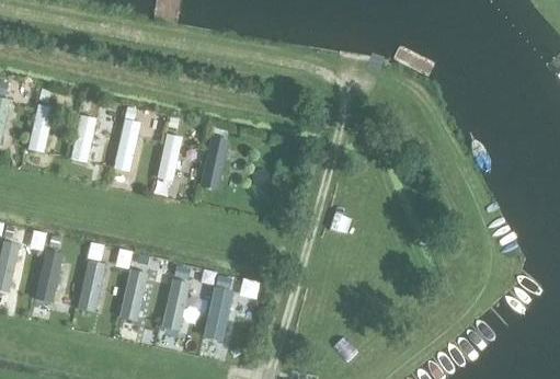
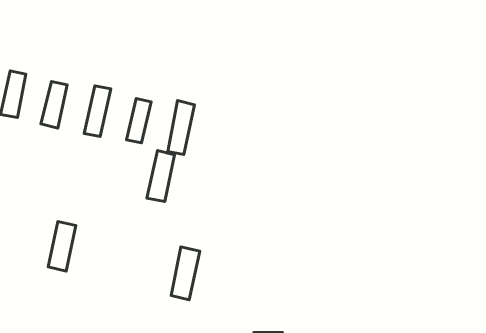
building: [34,249,62,302] -> none
building: [119,268,148,321] -> none
building: [161,278,190,331] -> [147,151,174,201]

